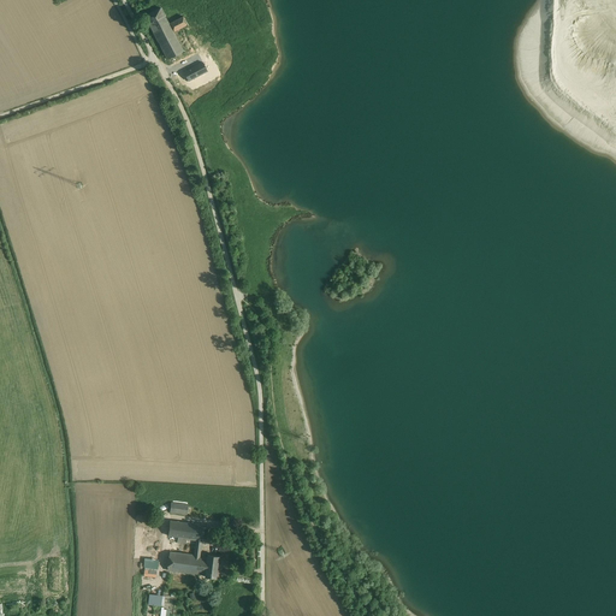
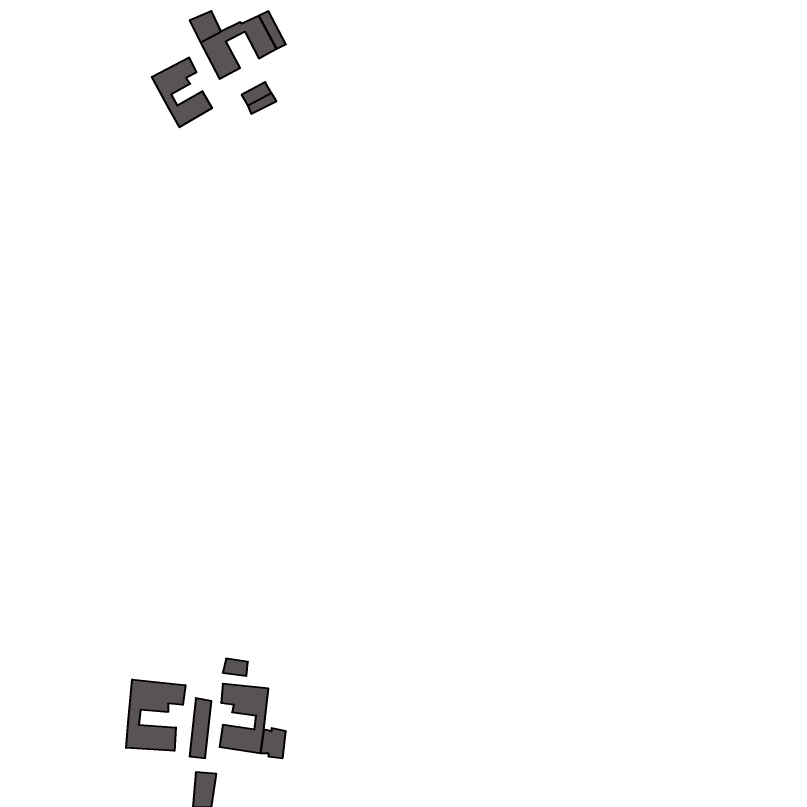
building: none -> [152,57,212,127]
building: none -> [126,679,185,751]

